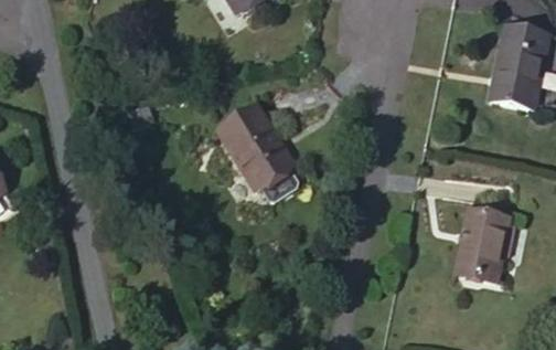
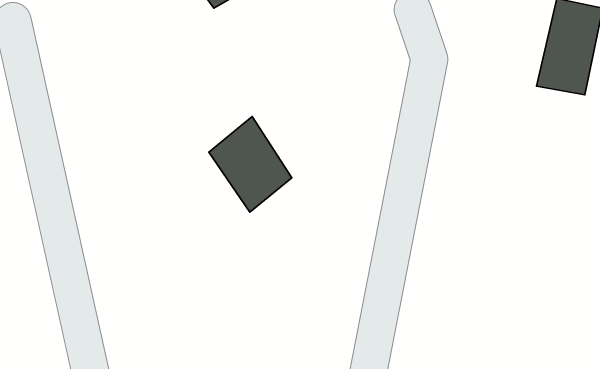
building: [458,211,512,274] -> none

